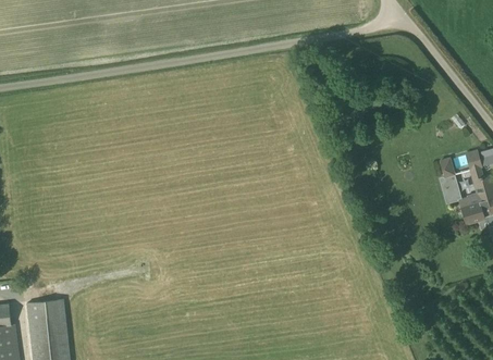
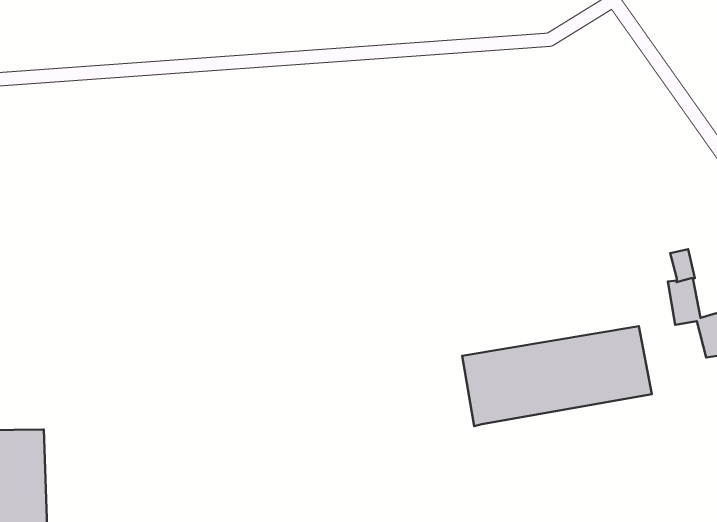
building: none -> [462,326,652,426]

